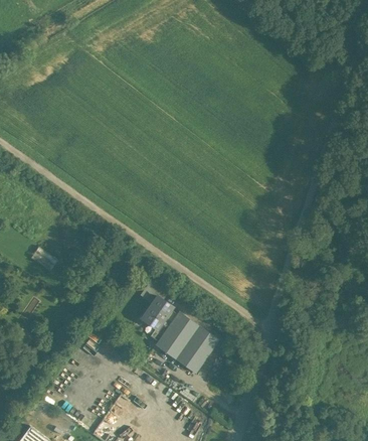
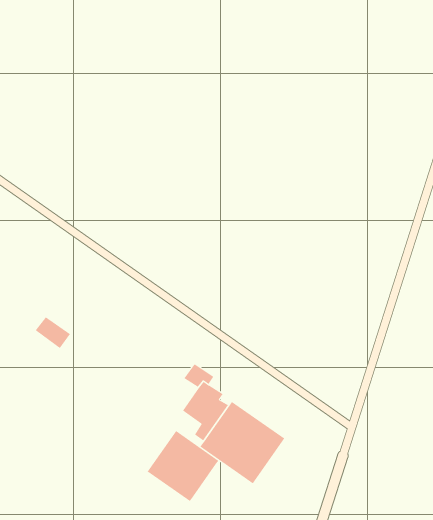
building: none -> [147,430,219,502]

